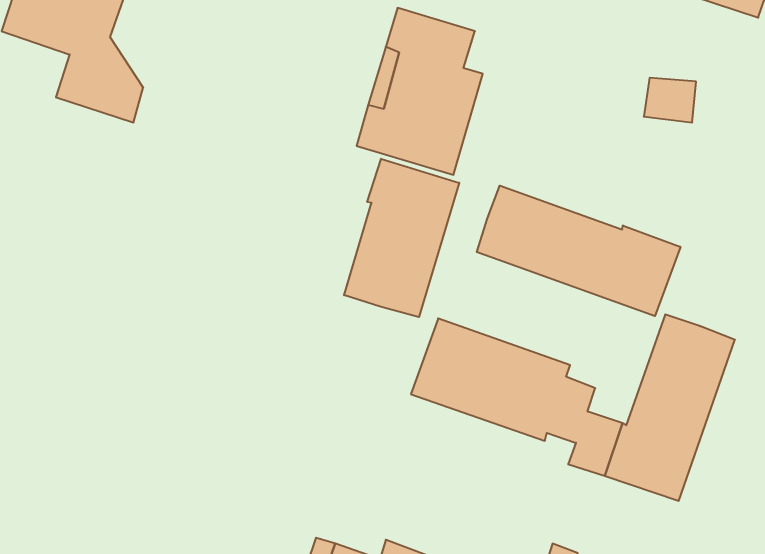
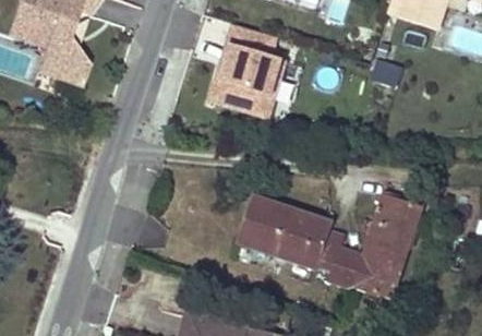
building: [344,159,459,317] -> none
building: [477,186,680,316] -> none

